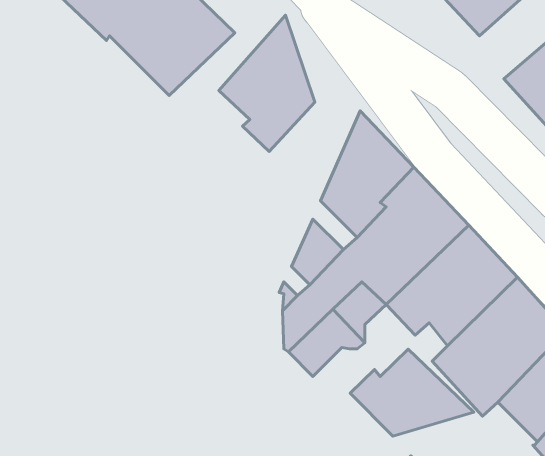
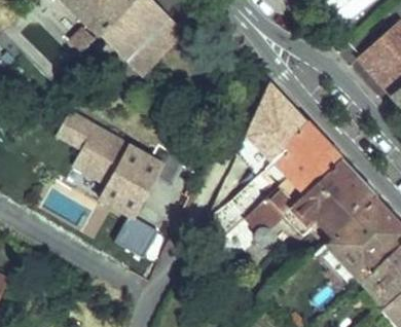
building: [219,15,315,152] -> none
building: none -> [53,110,166,256]
building: [350,349,474,436] -> none

